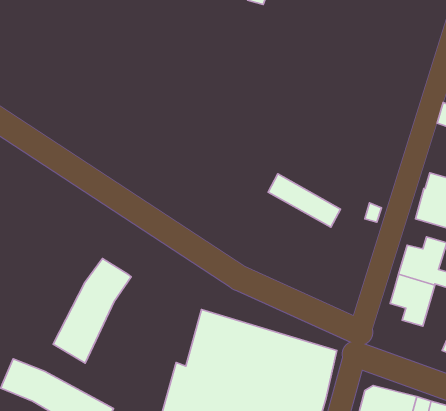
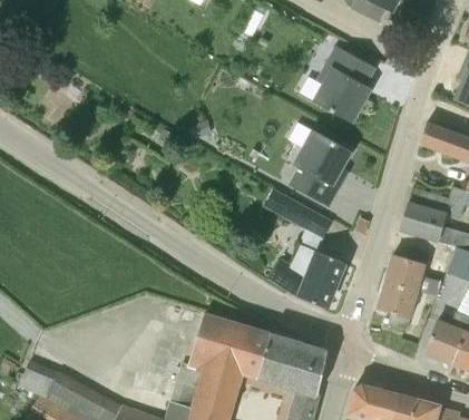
building: none -> [315,47,374,124]
building: none -> [292,130,351,207]
building: none -> [270,245,345,307]
building: [53,259,131,363] -> none

